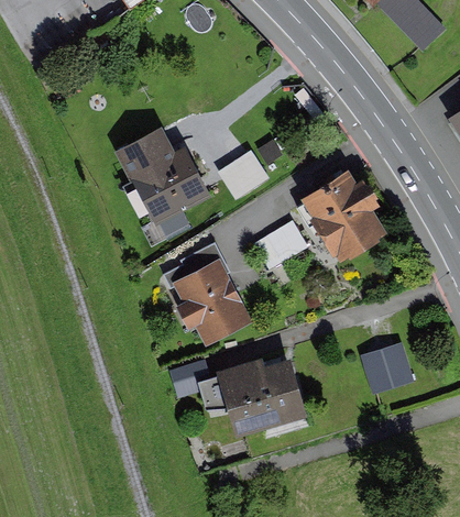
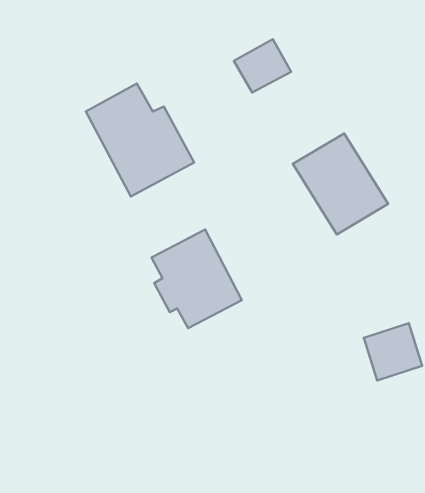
building: [218,148,270,197] -> [234,39,291,93]
building: [253,218,309,268] -> none
building: [213,358,305,438] -> none

